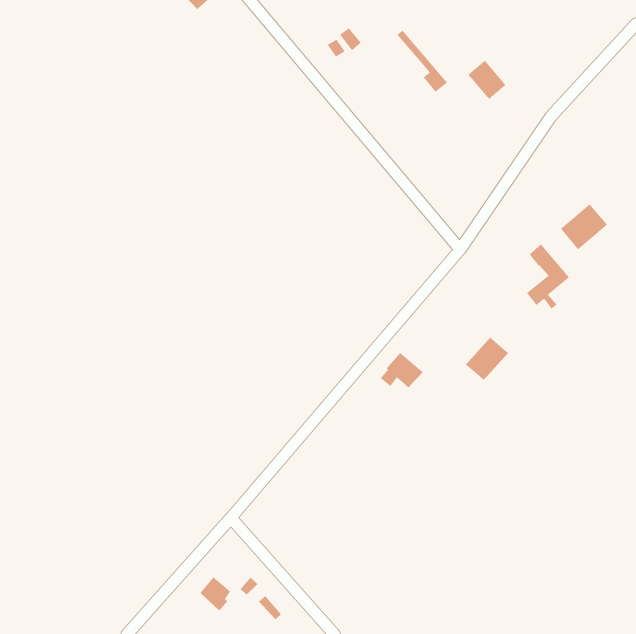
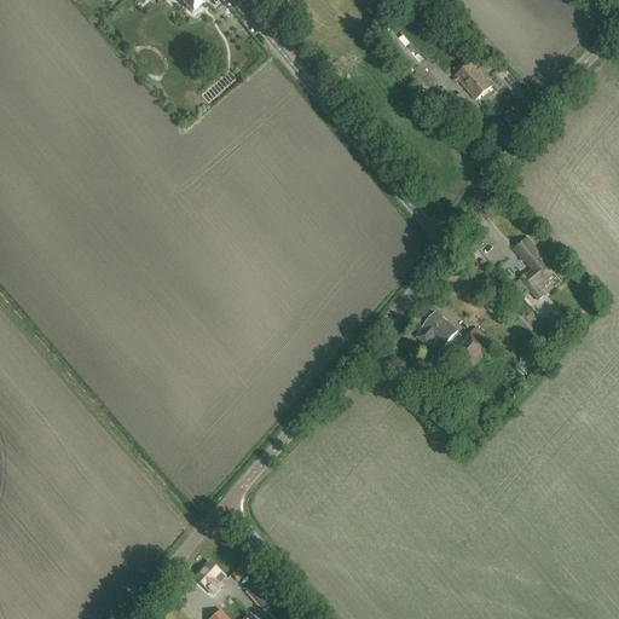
building: [560,203,608,250] -> none
building: [380,352,423,388] -> [415,310,457,345]

